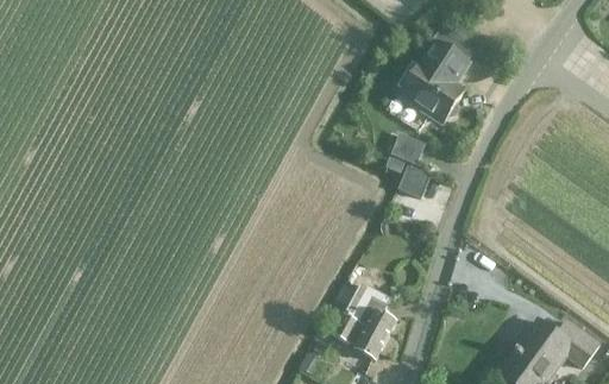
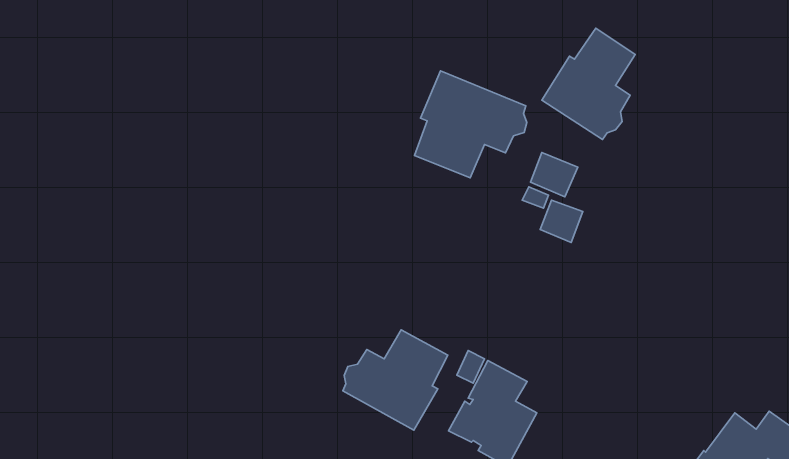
building: none -> [414,71,527,178]
building: none -> [343,330,448,430]

